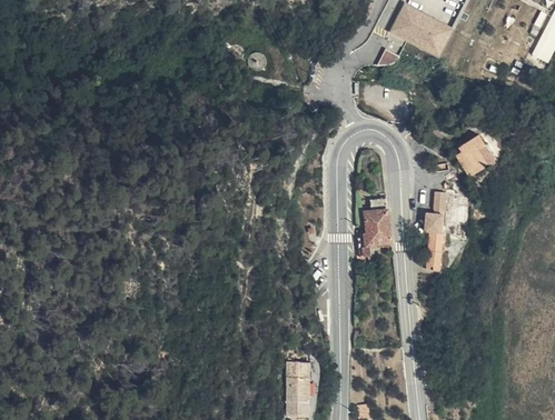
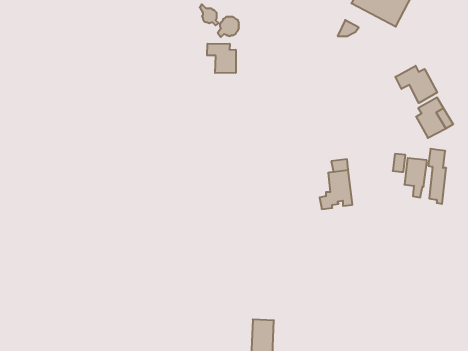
building: none -> [207,44,236,73]
building: none -> [395,66,437,103]
building: [424,211,443,269] -> [428,149,446,204]

